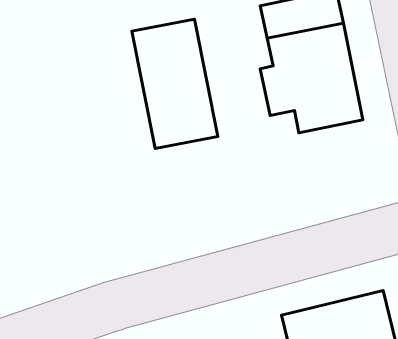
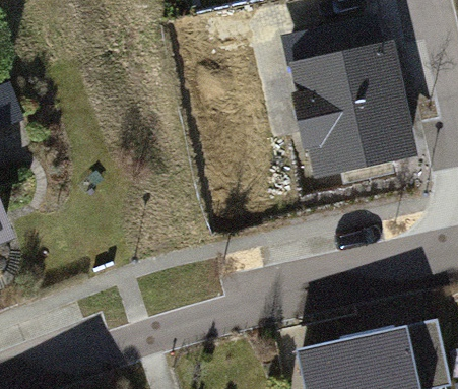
building: [132,19,218,149] -> none

